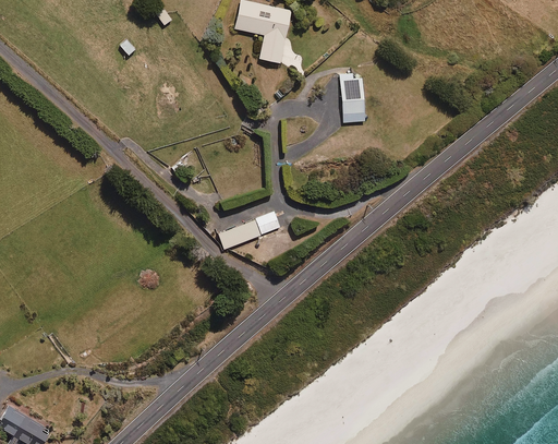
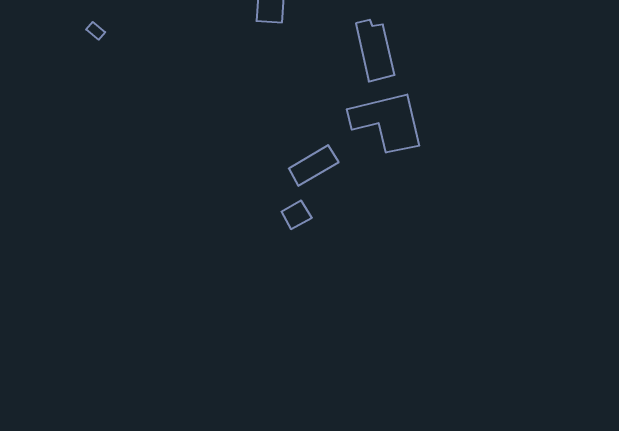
building: none -> [347,94,419,153]
building: [219,219,260,249] -> [289,145,339,186]

